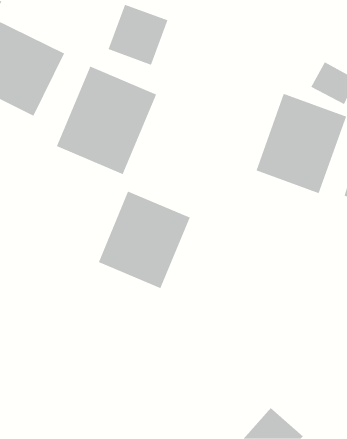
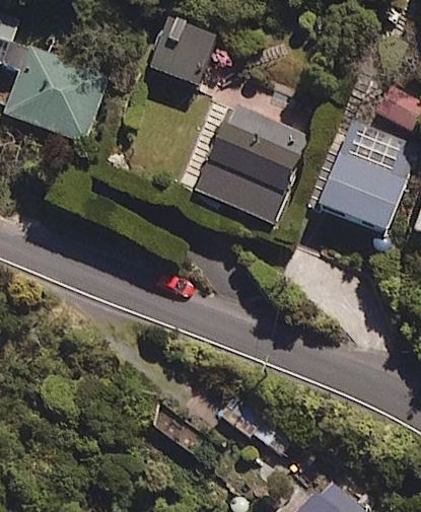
building: [56,65,157,175] -> [194,104,308,228]
building: [98,190,191,289] -> none

